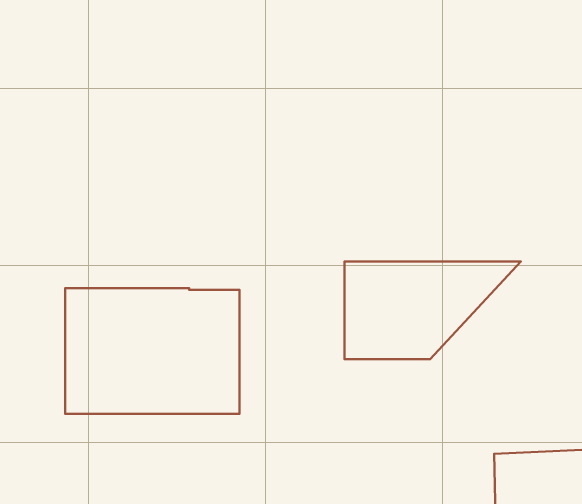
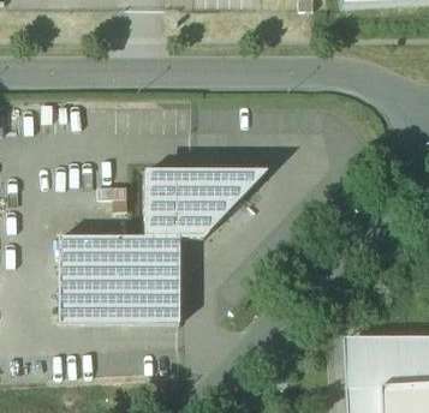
building: [345,261,521,359] -> [144,169,266,237]

